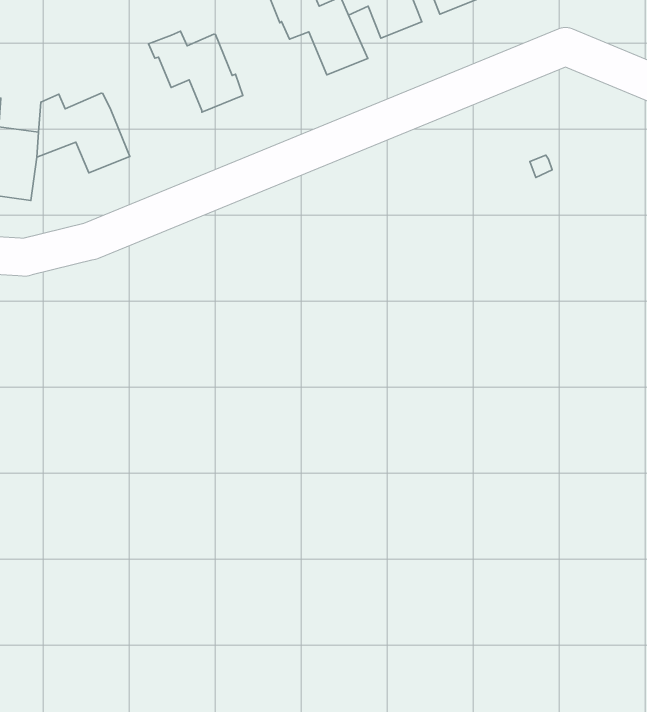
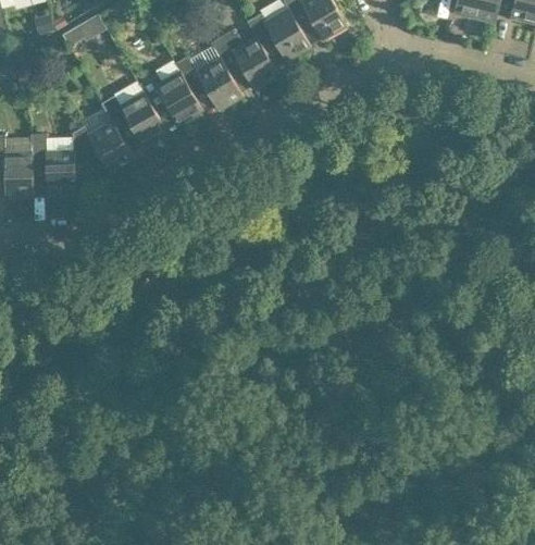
building: none -> [172,55,241,110]
building: none -> [100,91,165,144]

